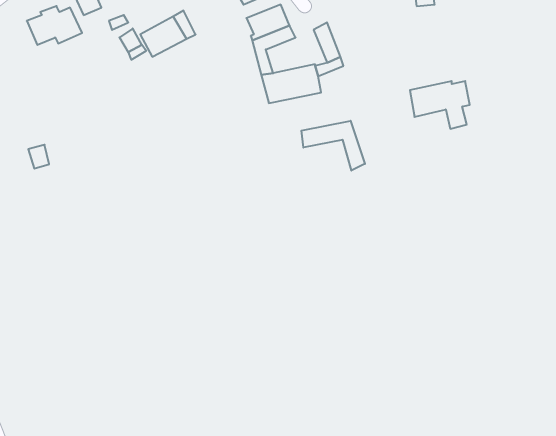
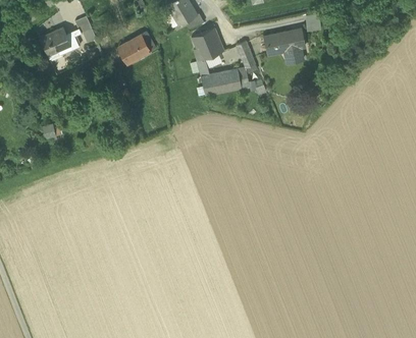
building: [410,81,470,129] -> [264,30,305,62]
building: [301,121,365,171] -> none

